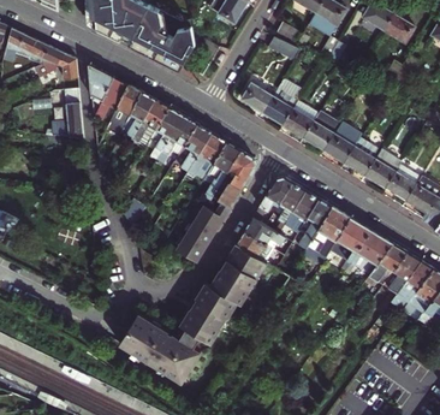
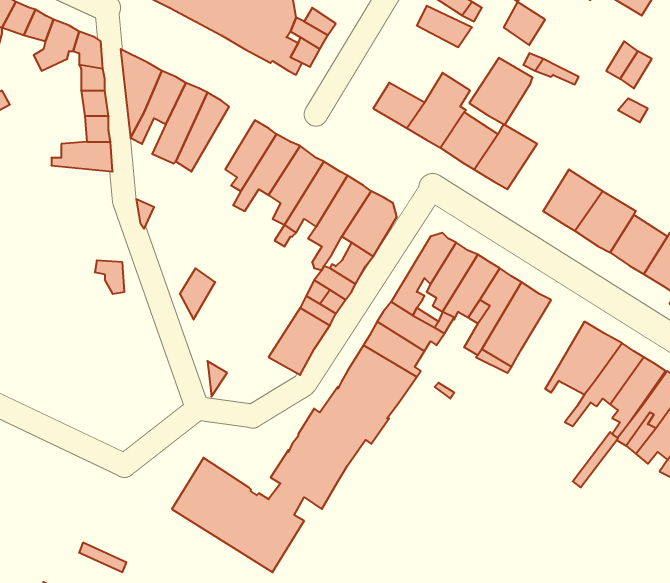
building: [130,97,168,148] -> none
building: [322,120,361,161] -> [469,58,533,125]
building: [331,215,369,257] -> none

